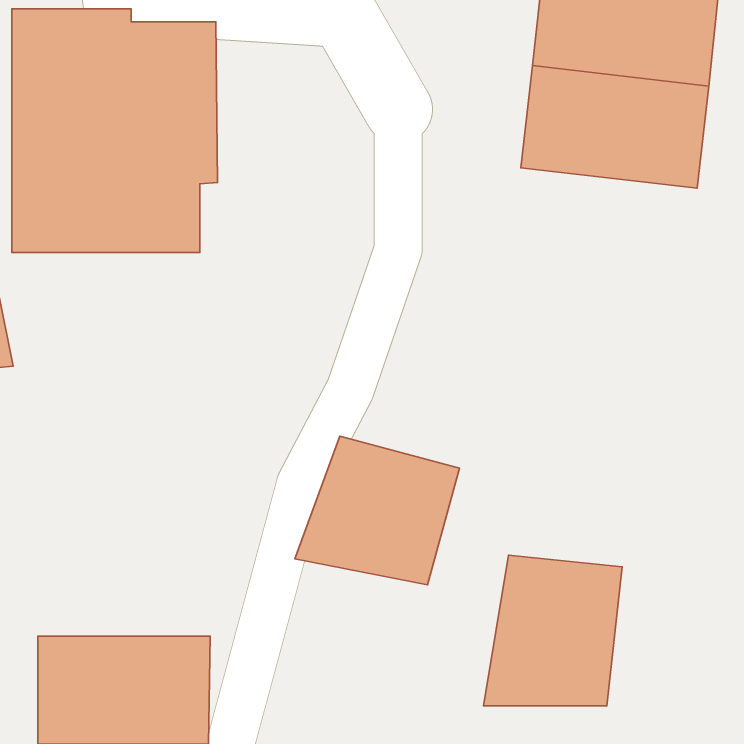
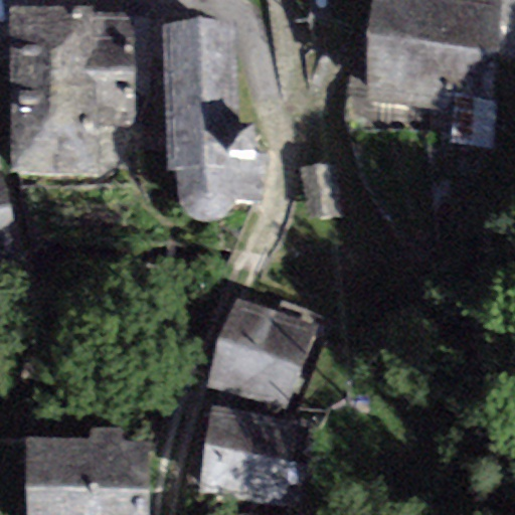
building: none -> [163,21,262,221]
building: [483,555,622,706] -> none
building: none -> [199,404,301,503]

